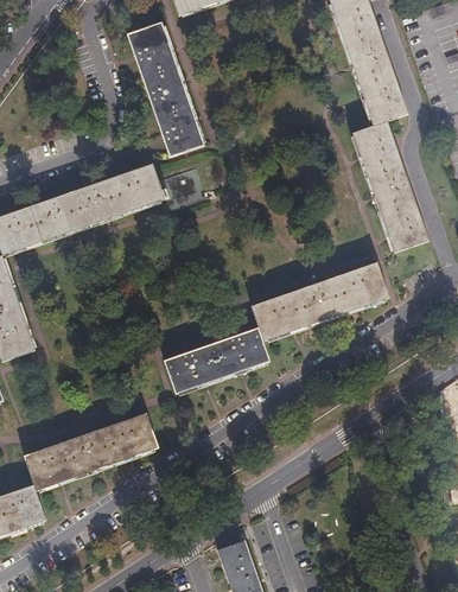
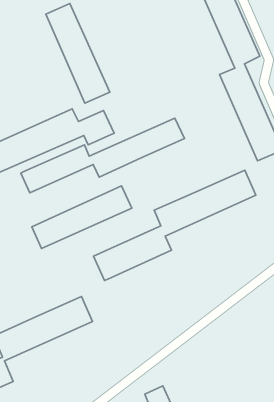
building: none -> [21,118,184,193]
building: none -> [32,186,132,248]

